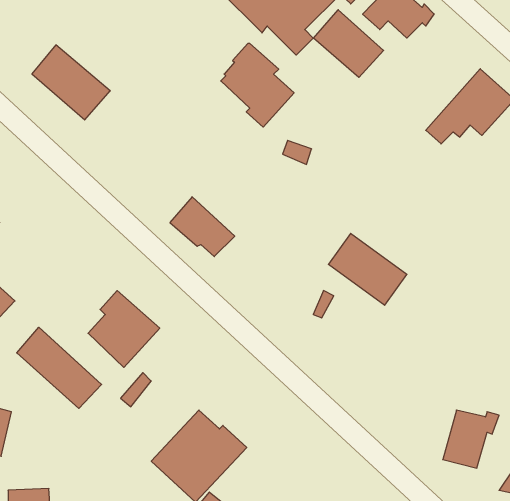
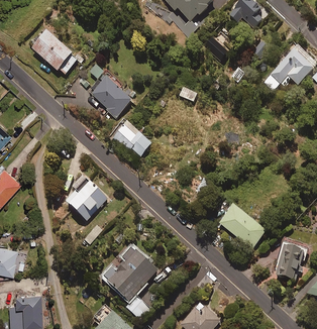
building: [314,10,384,77] -> none
building: [221,43,294,127] -> [91,68,134,117]
building: [328,233,407,305] -> [219,206,266,248]
building: [17,327,102,408] -> none

